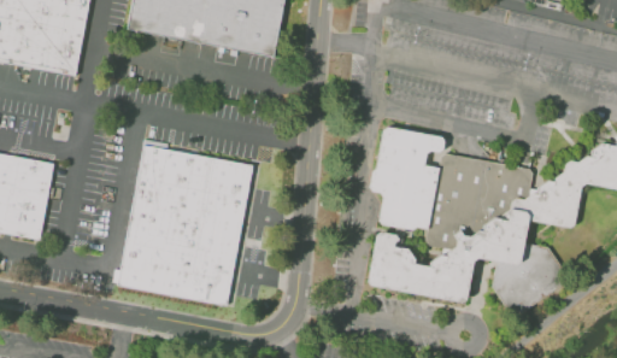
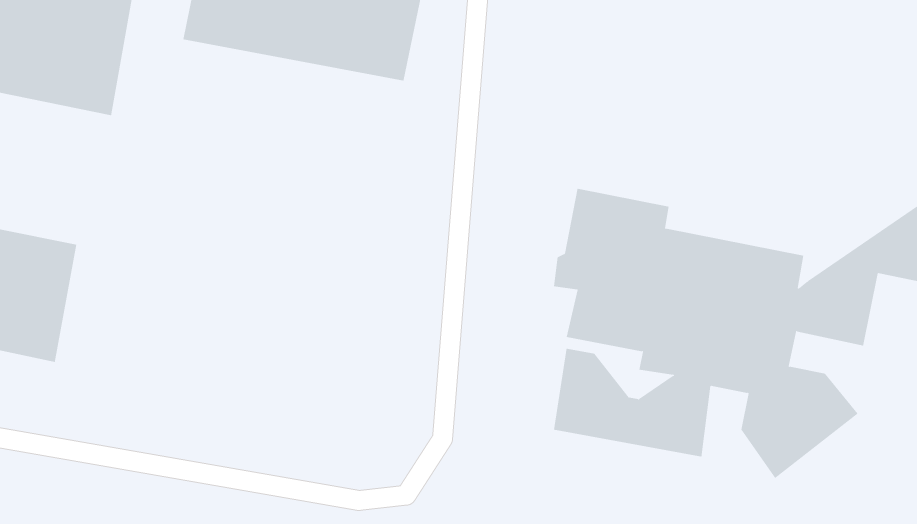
building: [117,146,254,306] -> none

